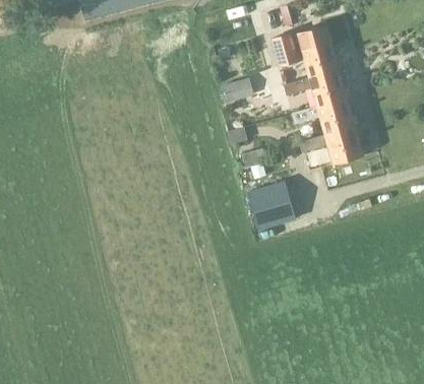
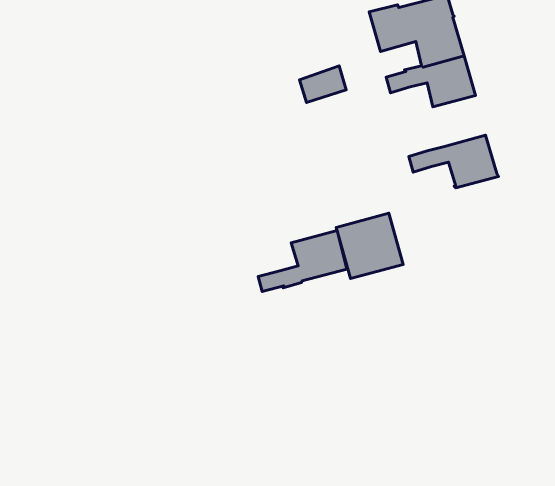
building: [291,97,354,133] -> none
building: none -> [258,231,347,291]

